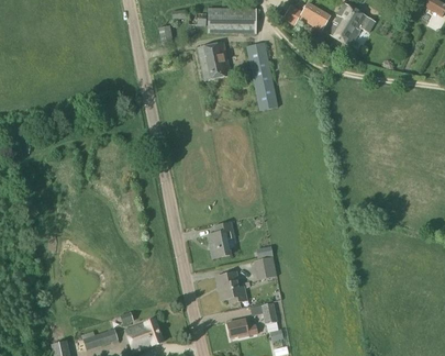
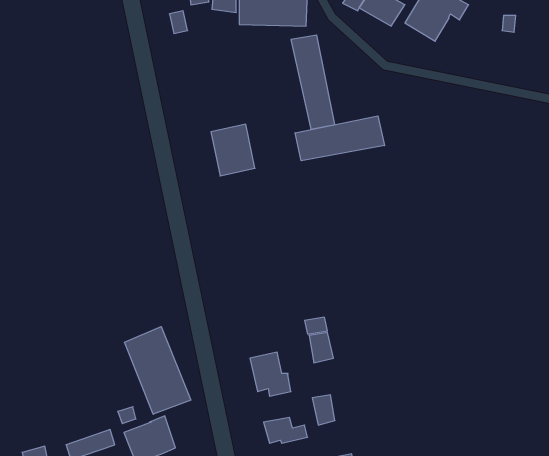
building: [198,42,230,79] -> [211,124,255,176]
building: none -> [295,116,385,161]
building: [208,223,233,258] -> none
building: none -> [124,327,191,414]

